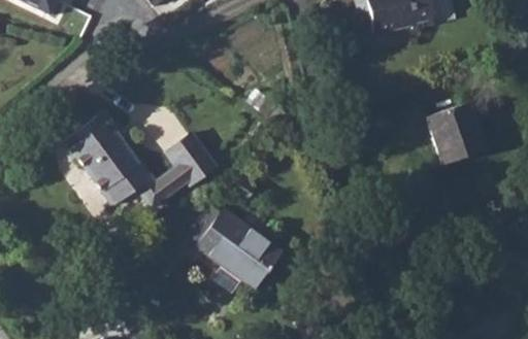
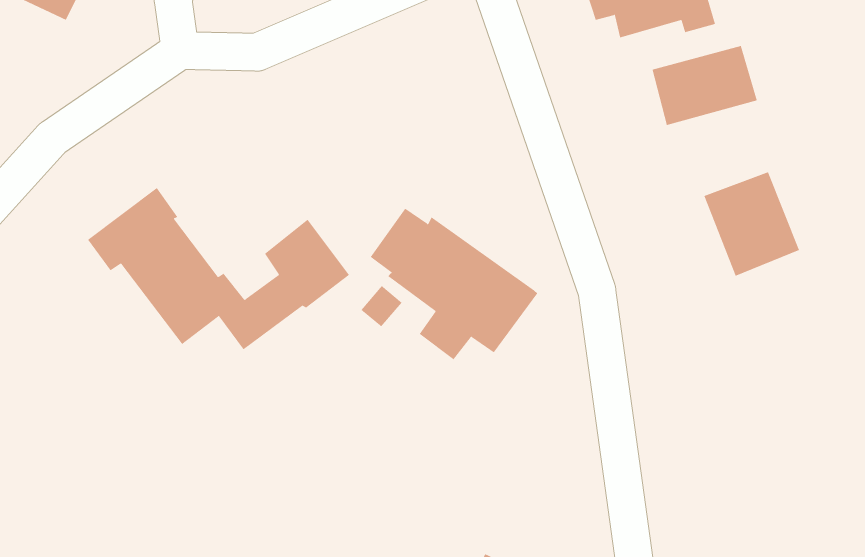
building: none -> [652,45,757,126]
building: [184,202,283,292] -> [370,208,538,360]

